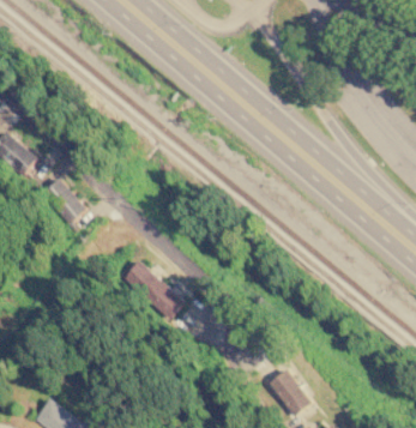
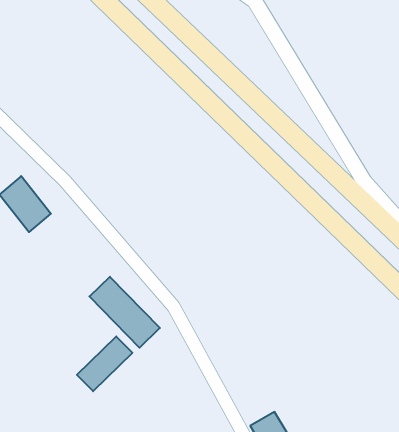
building: none -> [77,336,132,391]

